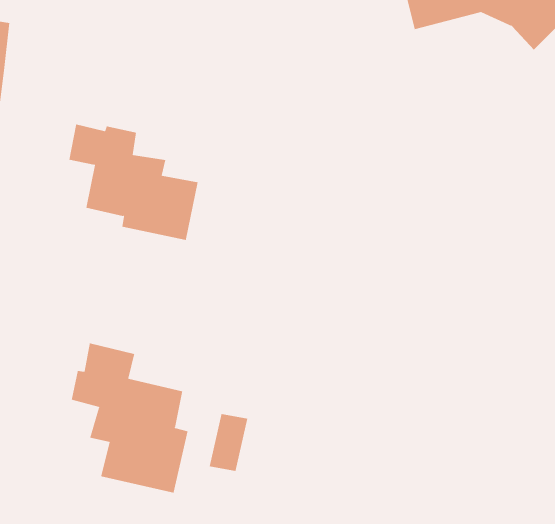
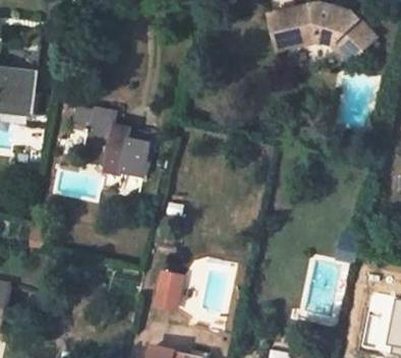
building: [71,343,188,494] -> none

